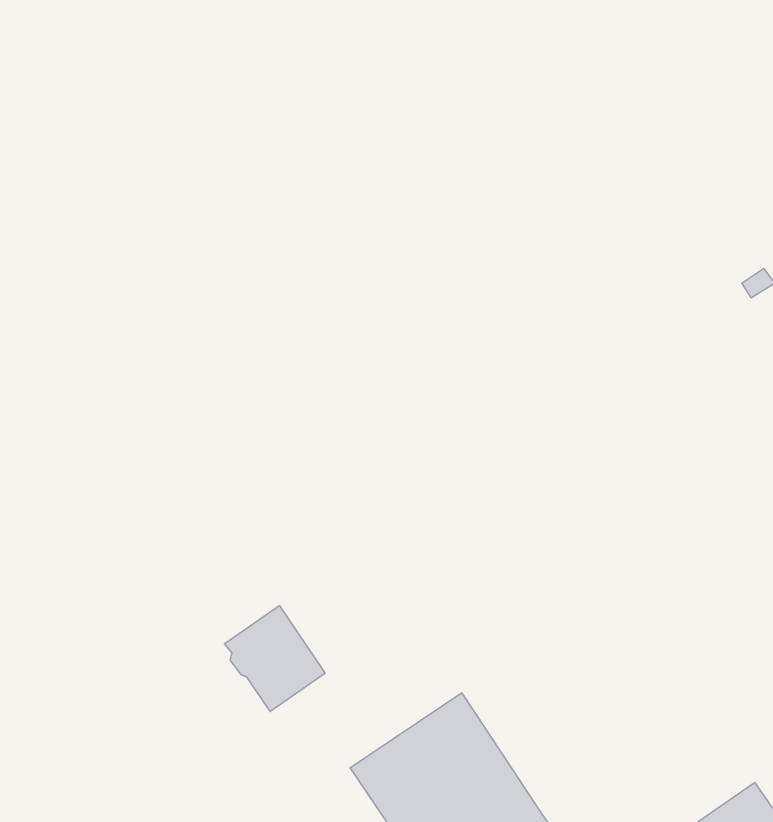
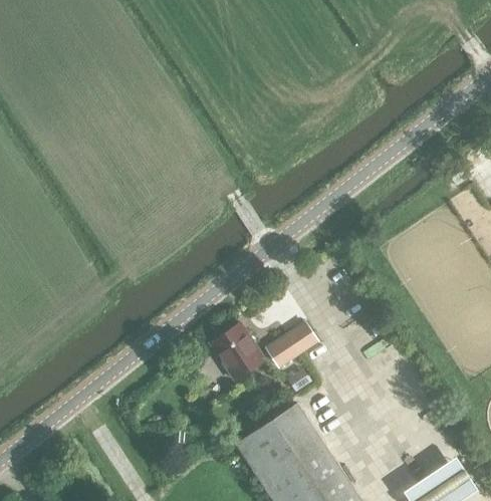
building: none -> [268,323,318,367]
building: [225,605,325,712] -> [210,322,265,381]

